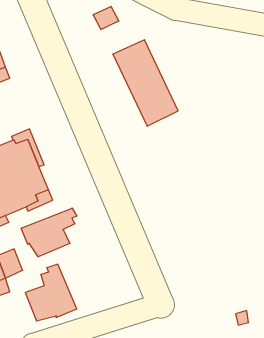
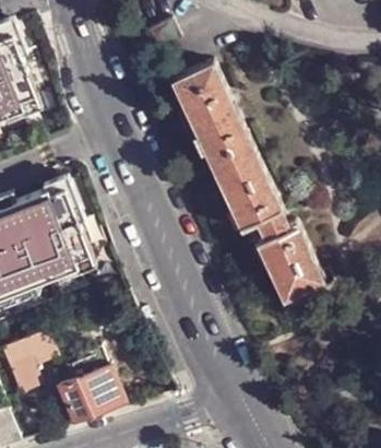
building: none -> [214,153,322,302]
building: [21,208,77,257] -> none

